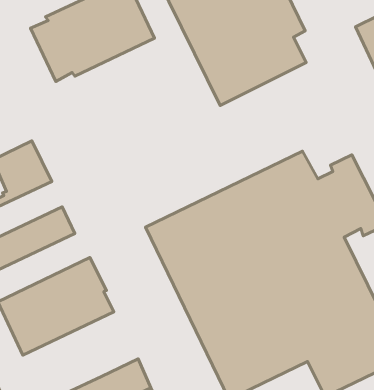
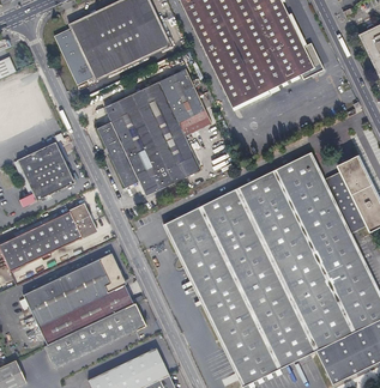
building: none -> [98,68,211,195]
building: none -> [43,302,145,368]

